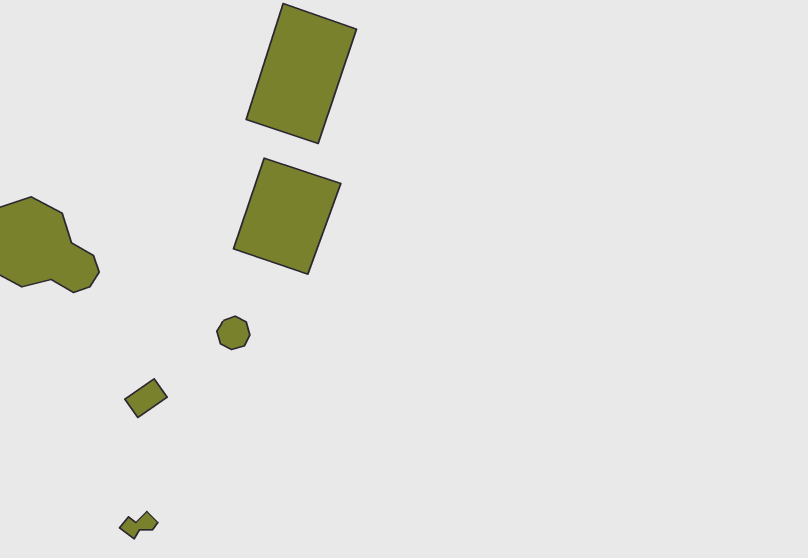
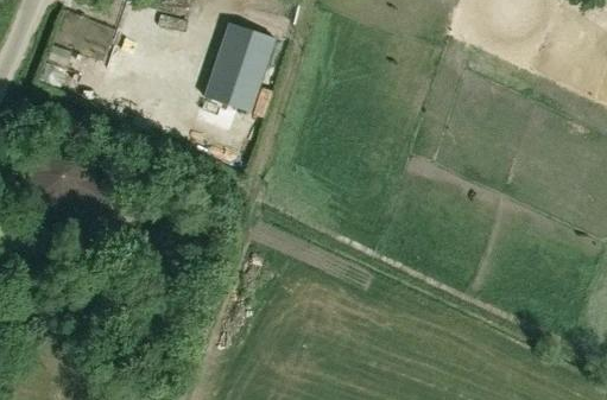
building: [233,158,341,274] -> none

